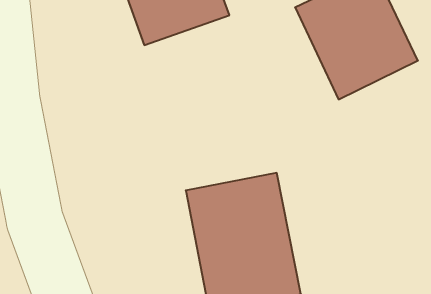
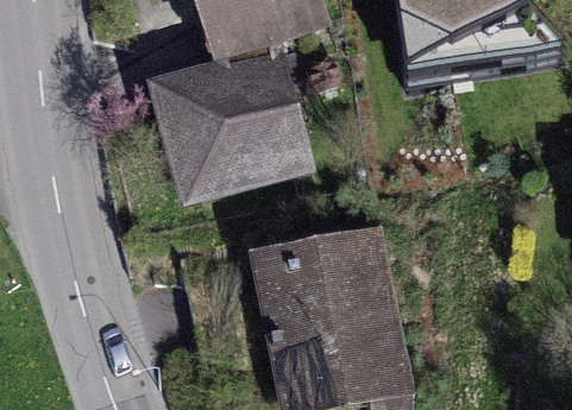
building: none -> [157,55,307,206]

